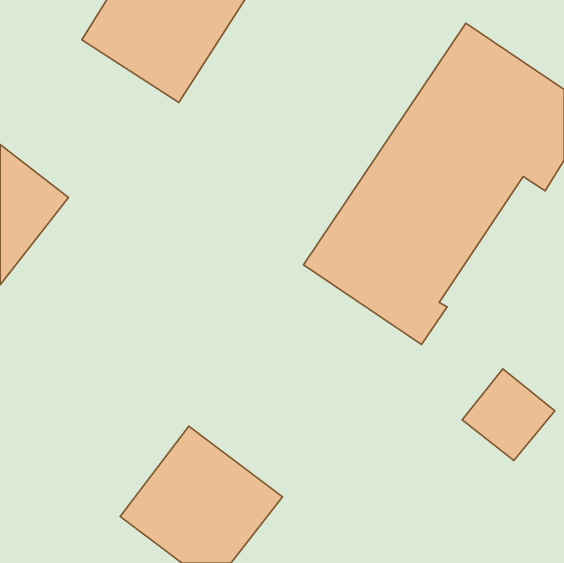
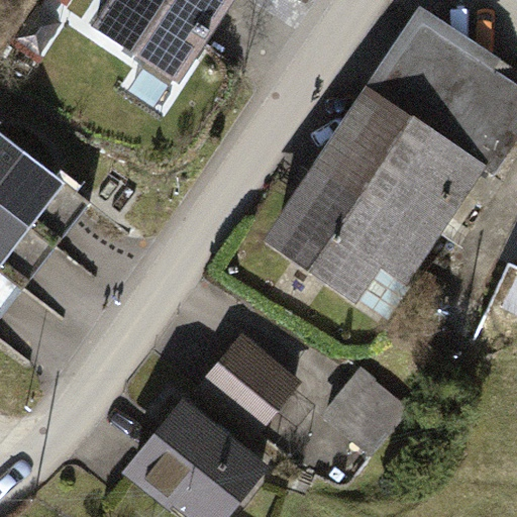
building: none -> [196,332,304,440]
building: [462,369,555,461] -> [329,371,414,454]

